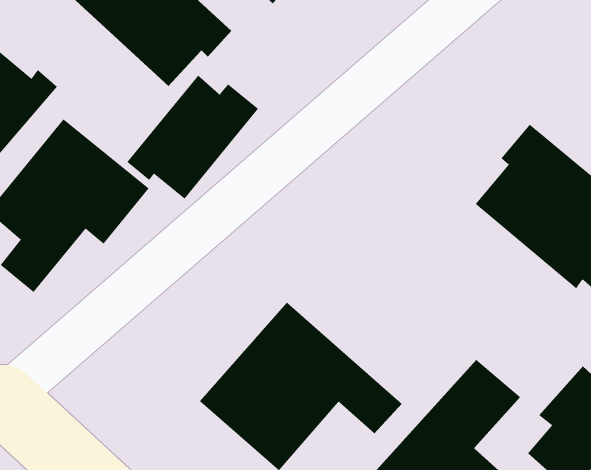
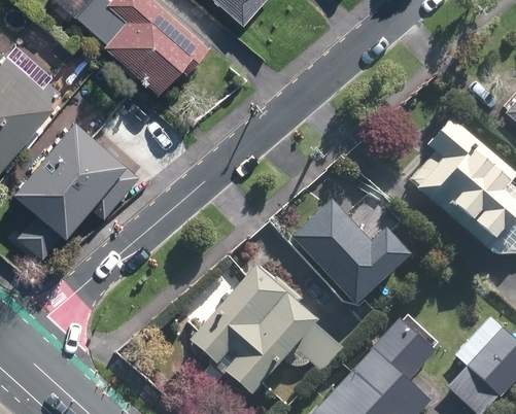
building: [127,75,259,200] -> none
building: none -> [288,196,409,311]

